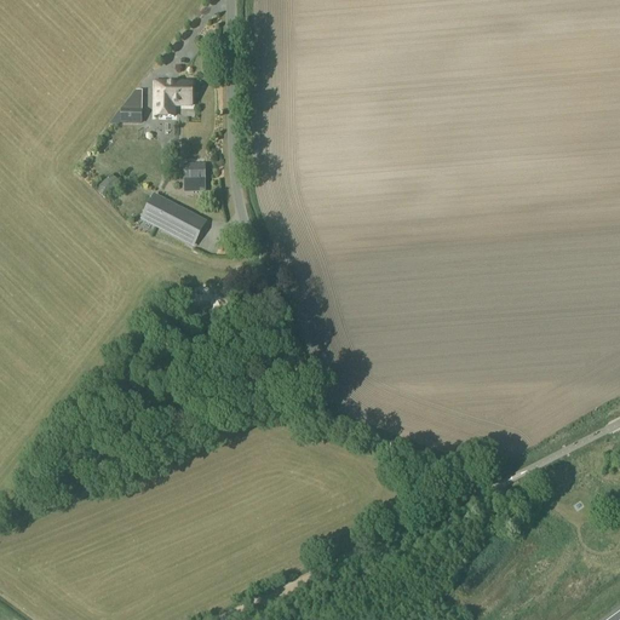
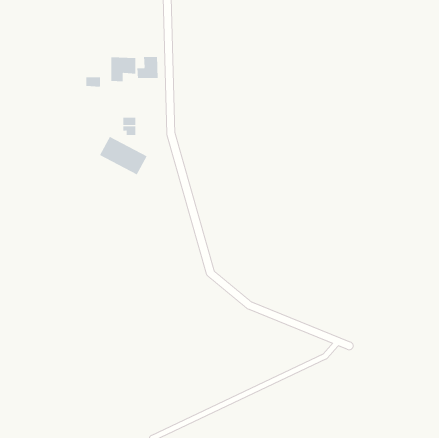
building: none -> [137,56,158,79]

